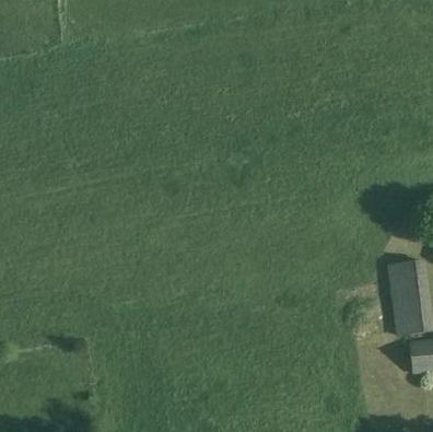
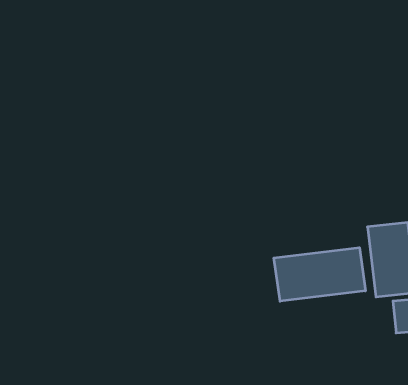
building: none -> [274,248,365,301]

